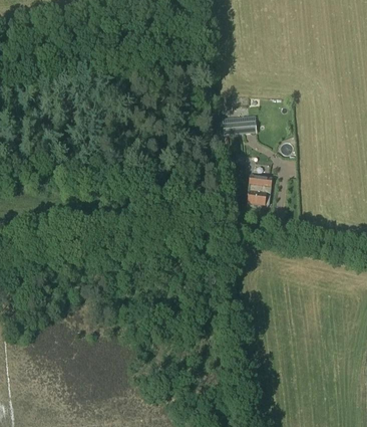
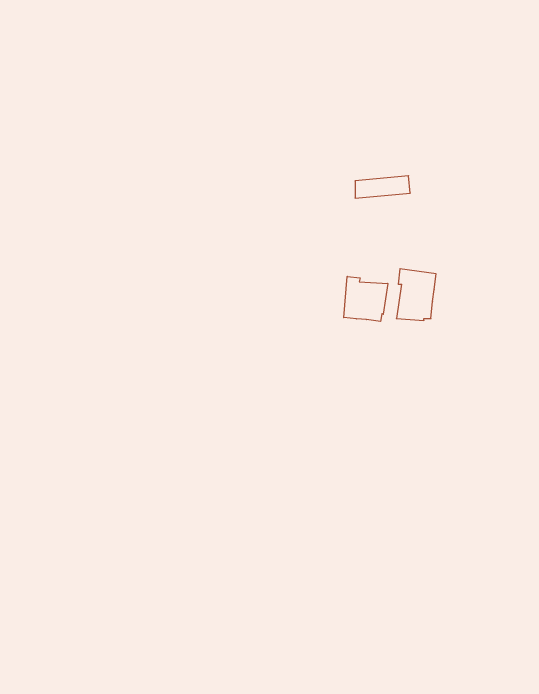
building: none -> [344,276,388,321]

